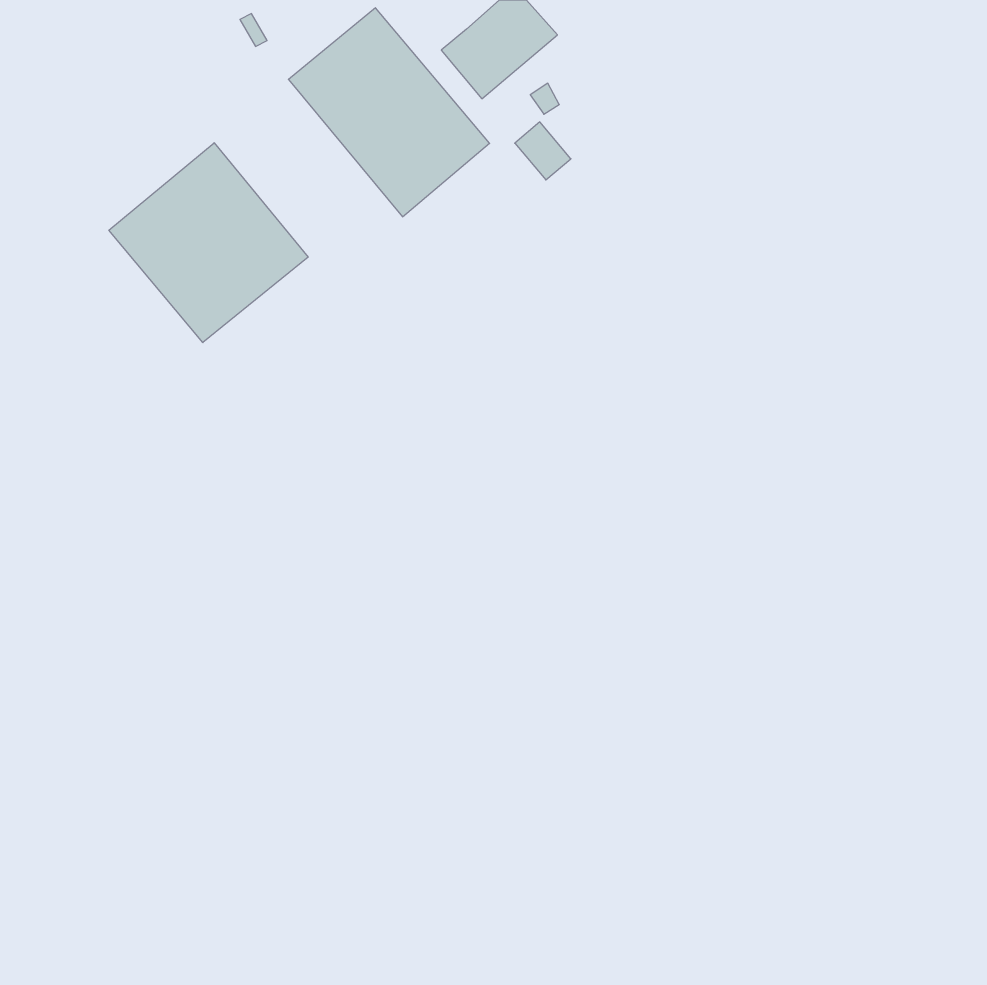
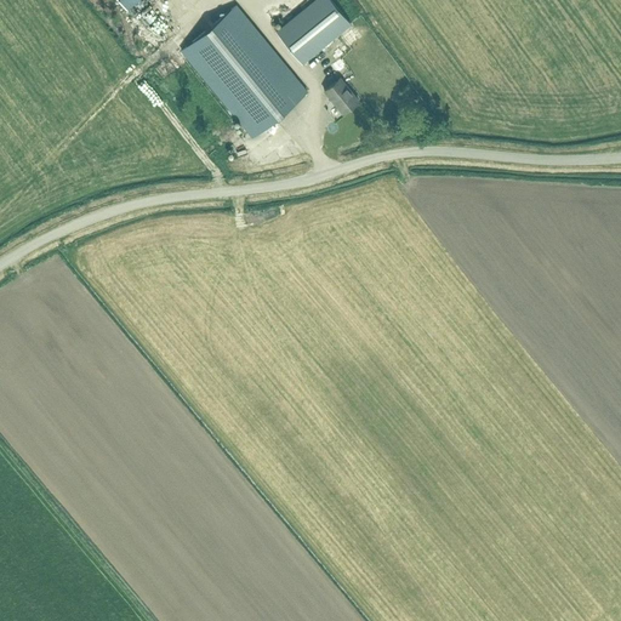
building: [109,143,308,343] -> none

